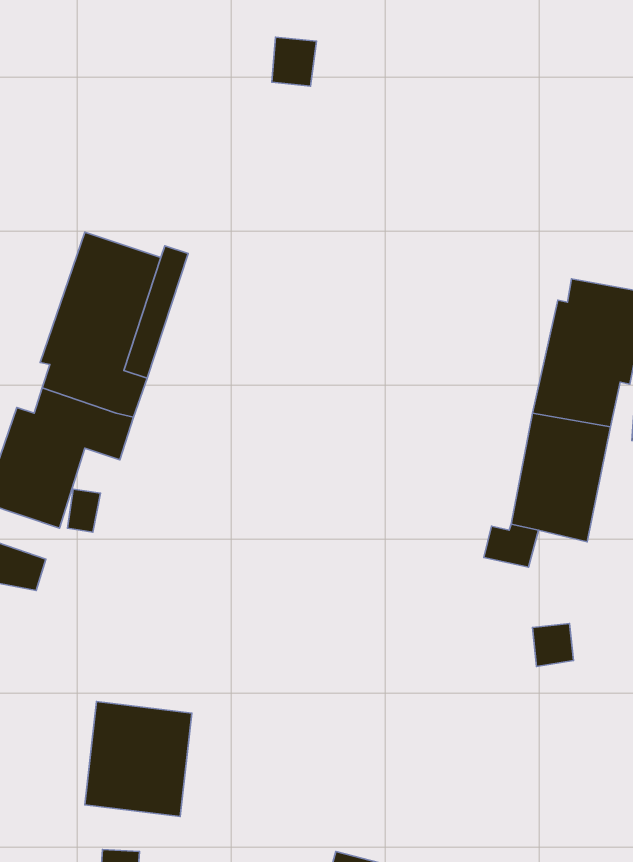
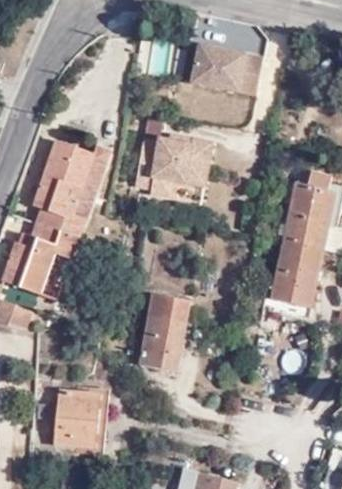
building: none -> [193,47,263,93]
building: none -> [138,139,213,196]
building: none -> [139,293,189,370]

